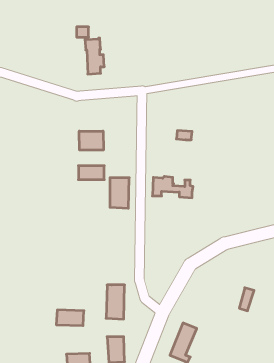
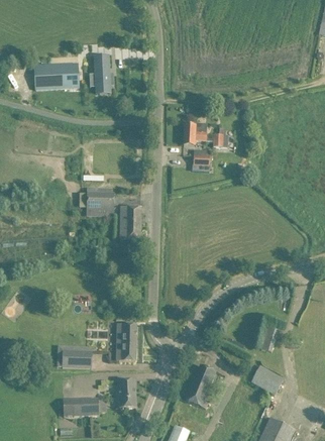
building: none -> [34,63,79,89]
building: [79,131,103,150] -> none
building: [152,176,193,198] -> [184,123,228,146]
building: none -> [251,365,283,394]

